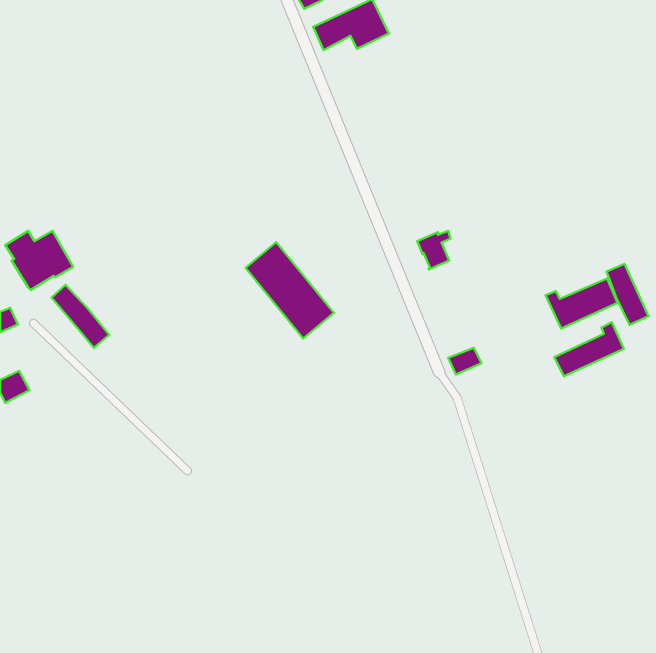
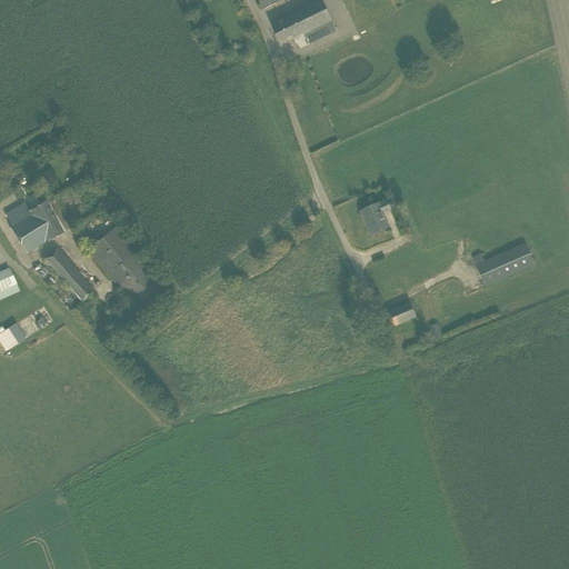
building: [245,242,334,338] -> [88,226,164,309]
building: [606,264,649,325] -> none
building: [554,322,624,376] -> none

